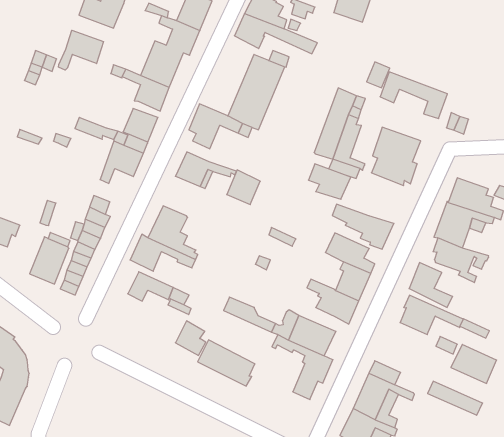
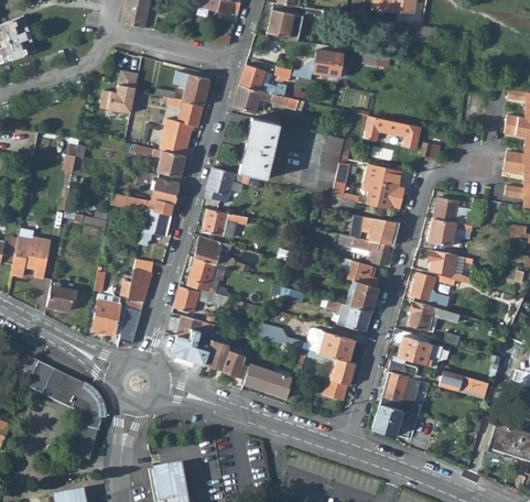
building: [58,30,104,70] -> none
building: [308,164,351,199] -> [360,216,396,242]
building: [227,170,260,205] -> [194,234,220,262]
building: none -> [171,329,209,363]
building: [451,344,497,383] -> [397,336,434,365]

